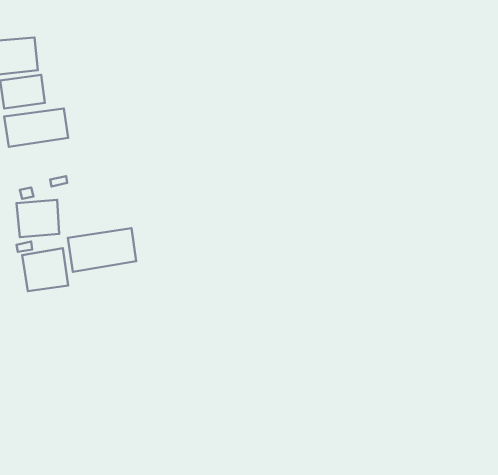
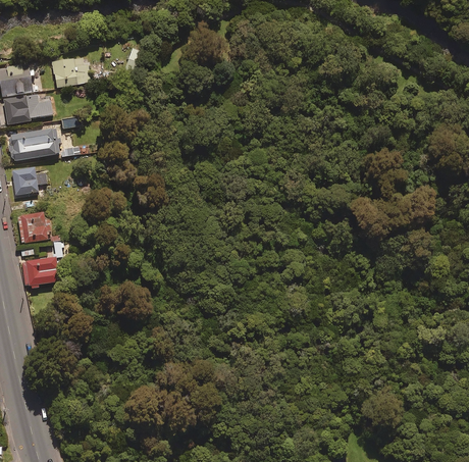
building: none -> [53,58,96,88]
building: none -> [8,165,49,197]
building: [68,228,136,272] -> none

